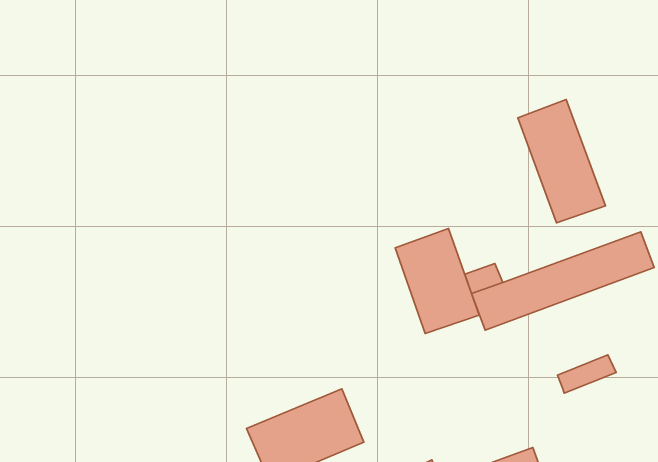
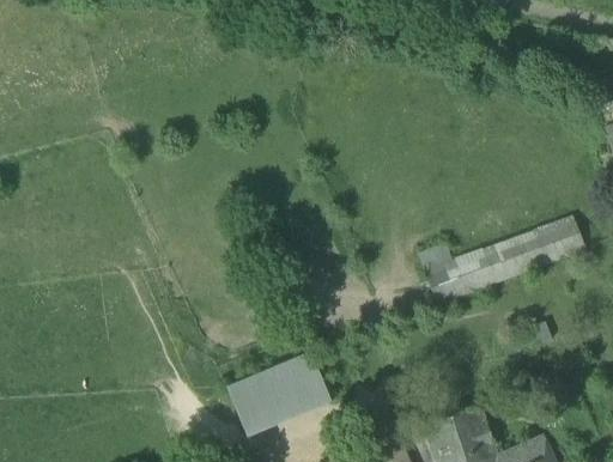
building: [518,100,605,223] -> none
building: [395,229,479,334] -> none

